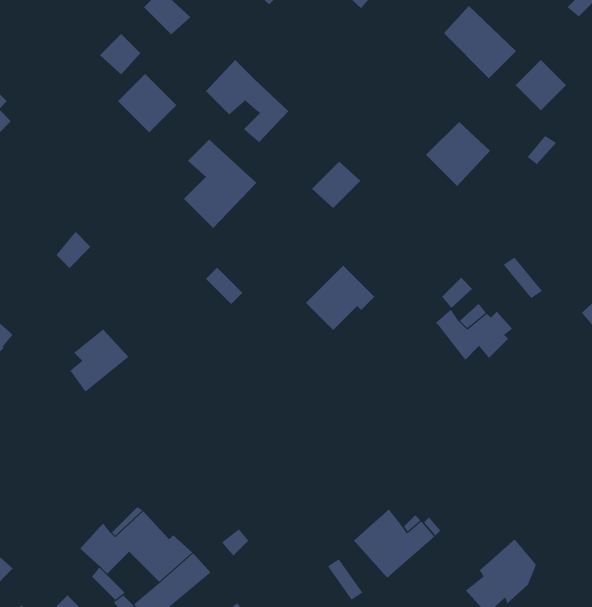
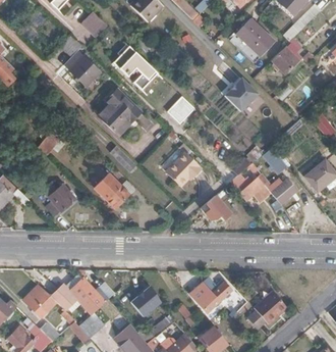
building: none -> [93,173,128,208]
building: none -> [267,179,296,204]
building: none -> [200,195,230,222]
building: none -> [22,285,51,313]
building: none -> [132,288,163,317]

